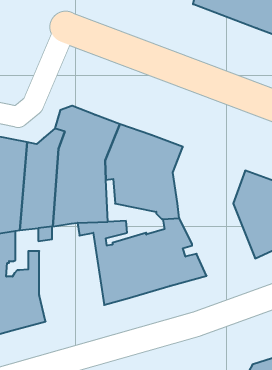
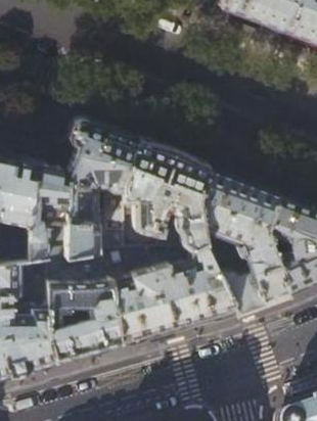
building: none -> [197,168,289,312]
building: none -> [47,252,121,363]

